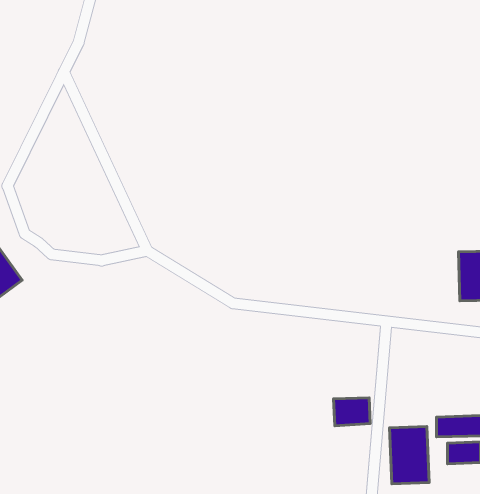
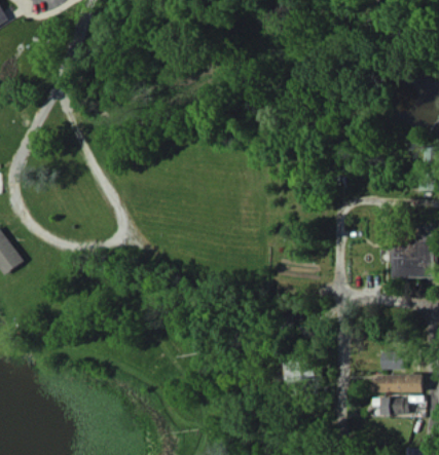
building: none -> [379,352,402,370]
building: [390,427,429,484] -> none

